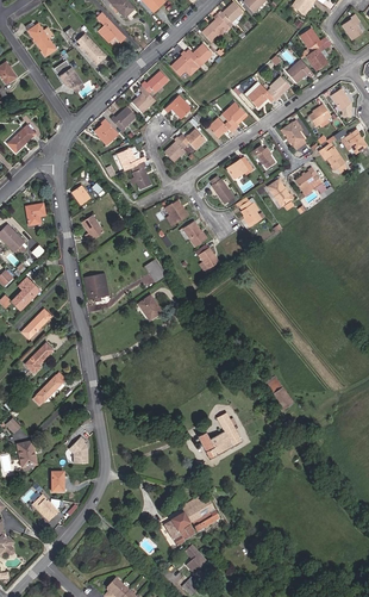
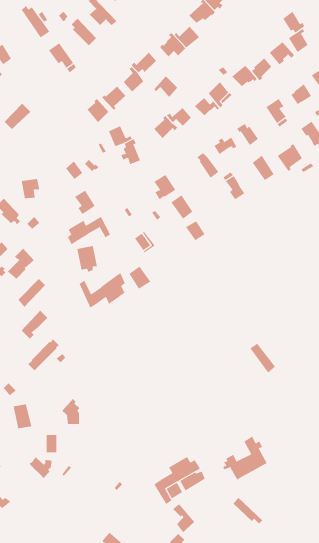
building: none -> [67,216,111,245]
building: none -> [79,272,125,308]
building: [194,412,242,459] -> [222,436,267,480]

